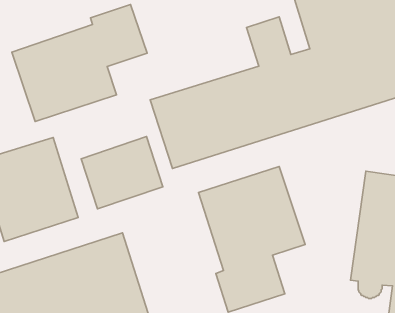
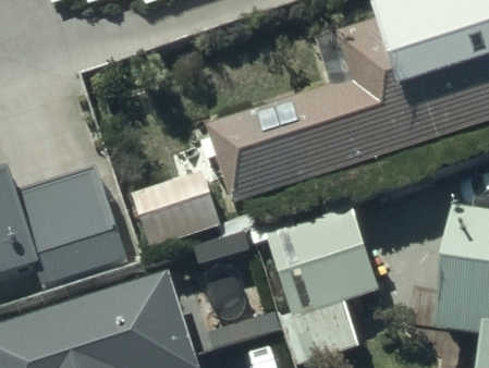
building: [12,4,147,122] -> none

